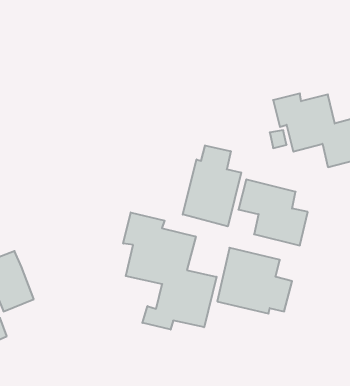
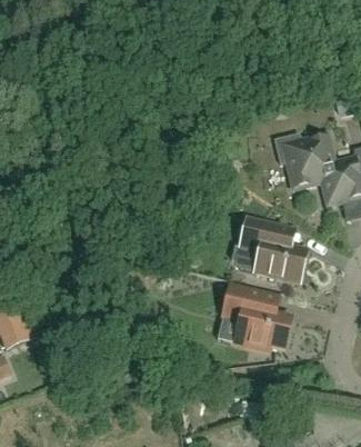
building: [183,145,241,226] -> none
building: [123,212,217,330] -> none

